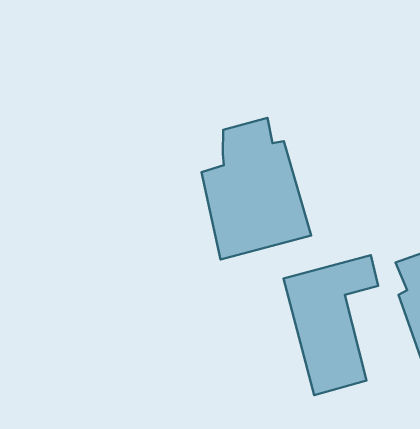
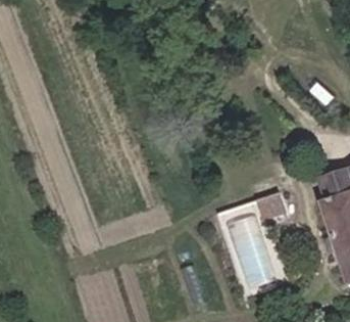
building: [202,118,311,259] -> none

